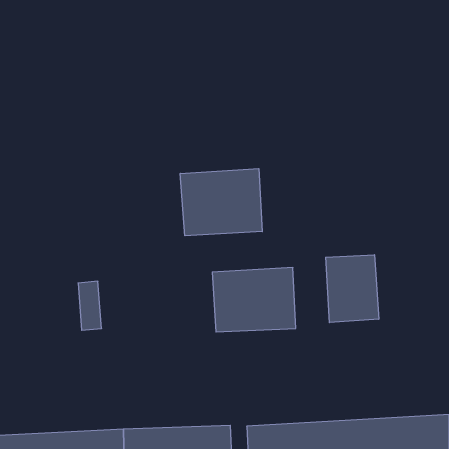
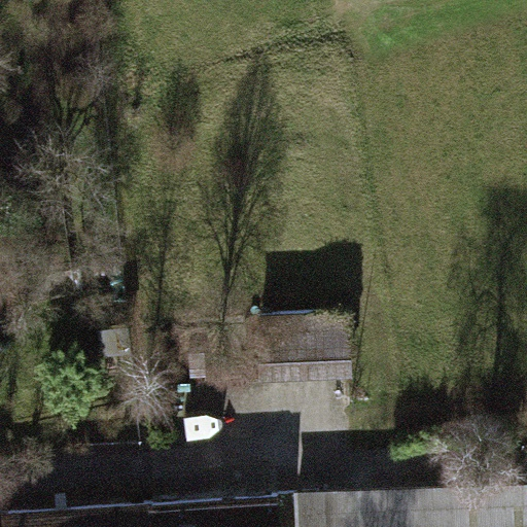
building: [180,169,262,236] -> none
building: [326,255,379,323] -> none

